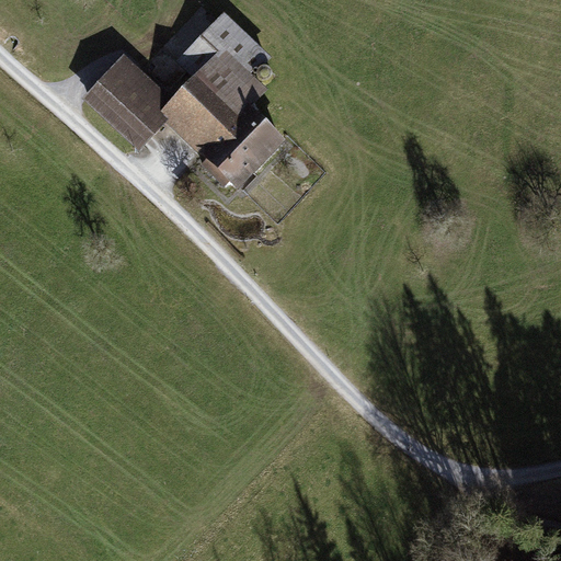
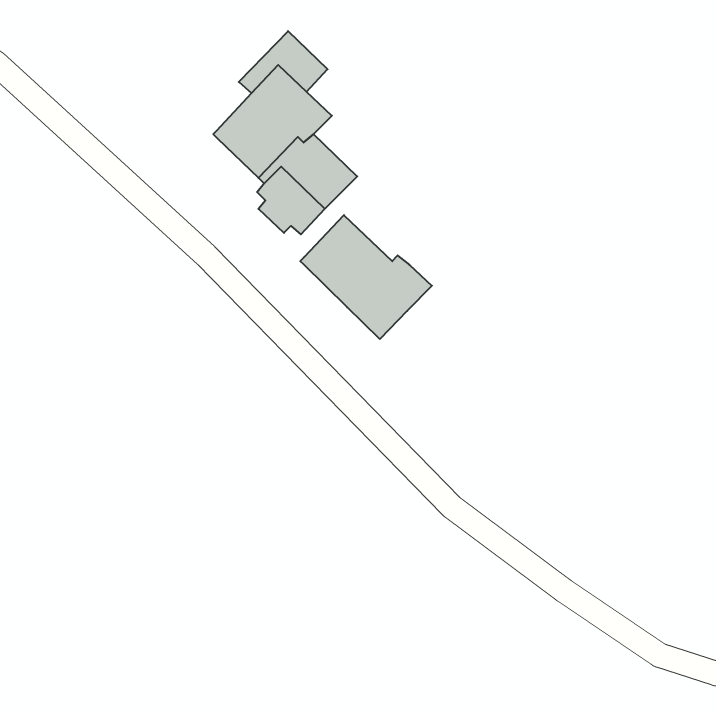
building: [85,56,169,140] -> none
building: none -> [300,215,432,339]

